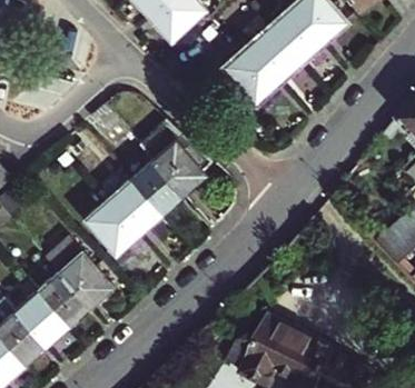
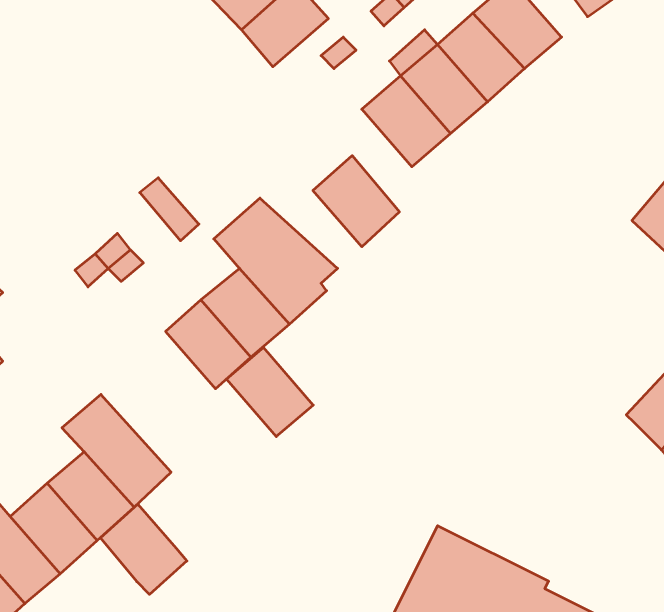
building: none -> [313,156,399,247]
building: [85,202,137,256] -> [226,348,313,437]
building: none -> [100,504,187,594]

